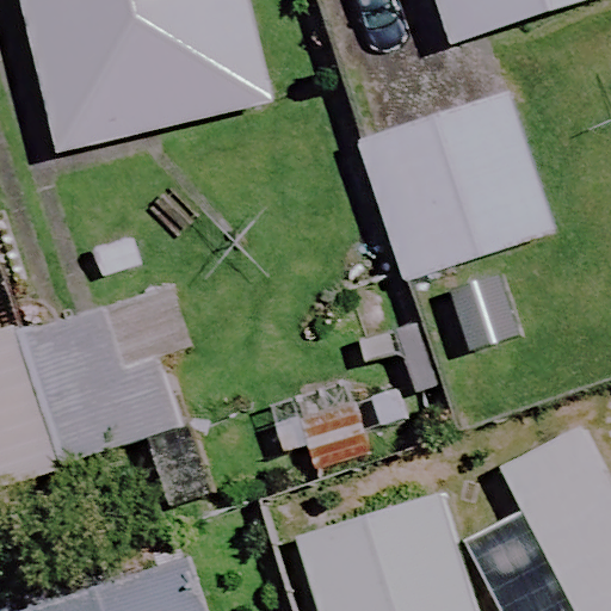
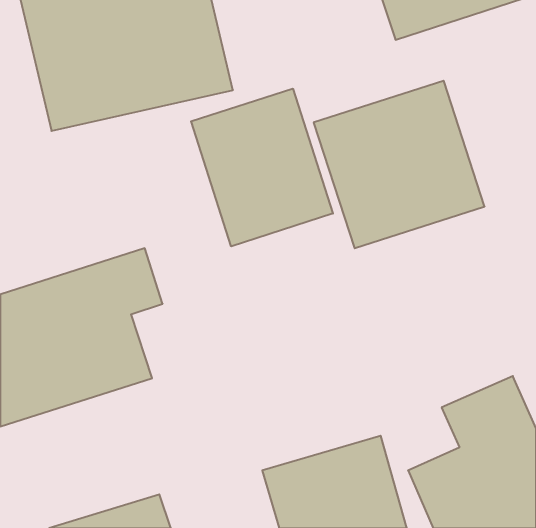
building: none -> [191,89,333,246]

